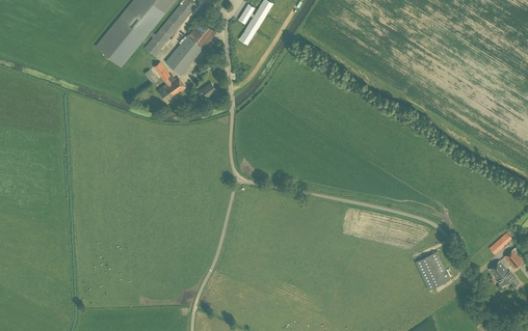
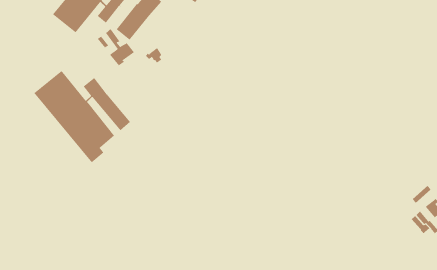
building: none -> [33,70,131,163]
building: [414,251,449,289] -> none

